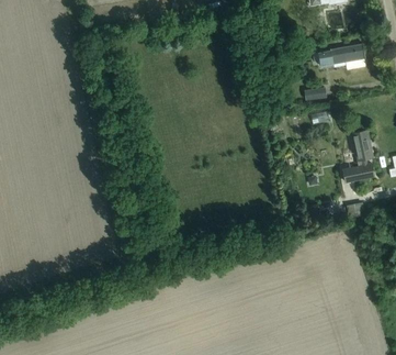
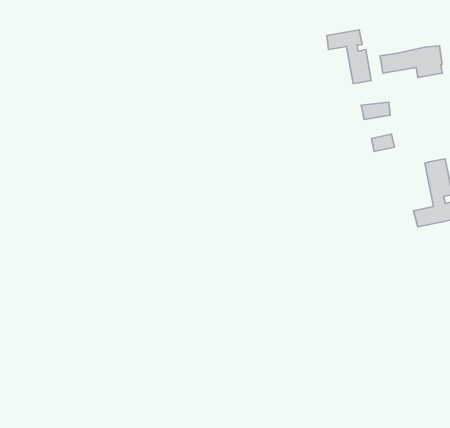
building: none -> [327,30,371,83]

